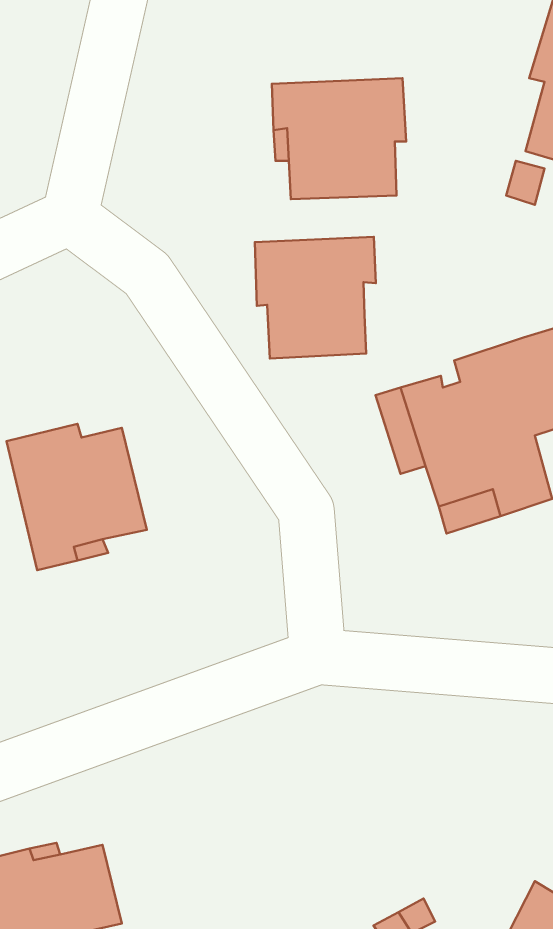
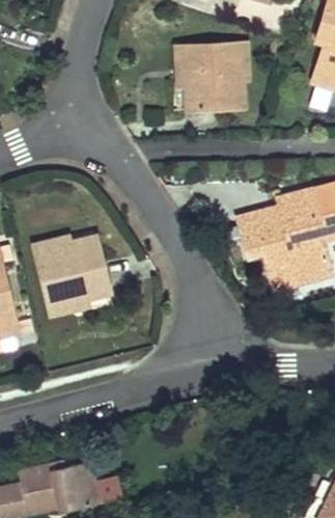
building: [255,237,376,359] -> none

